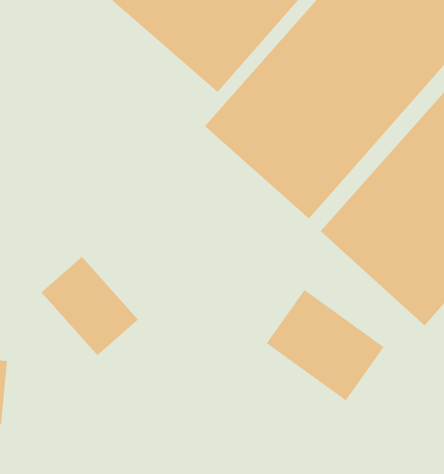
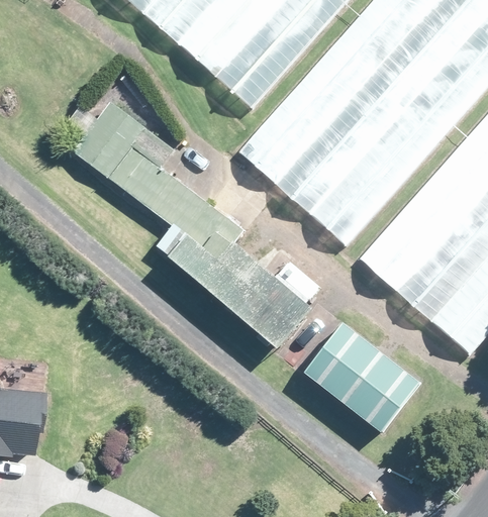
building: none -> [77,103,311,345]
building: [40,256,139,356] -> none

